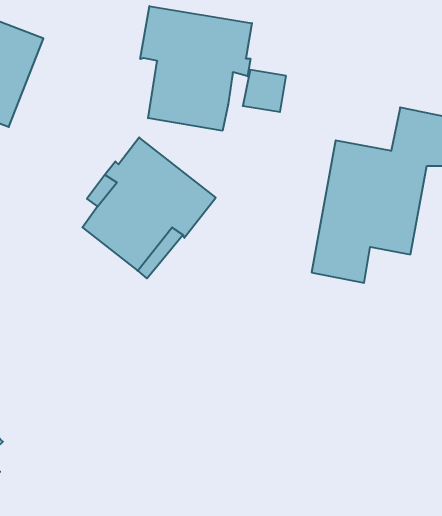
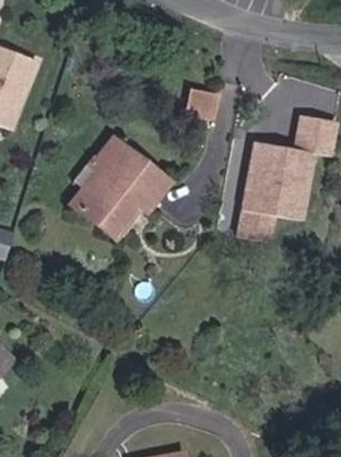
building: [140,6,252,131] -> none

